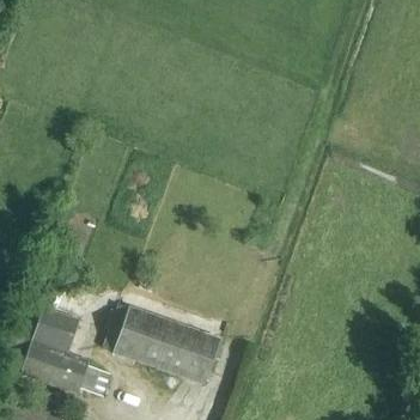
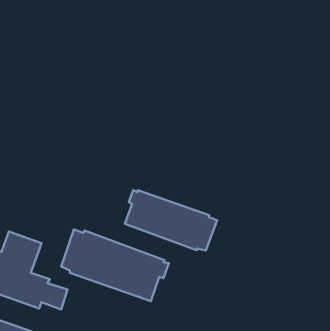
building: none -> [125,190,217,251]

